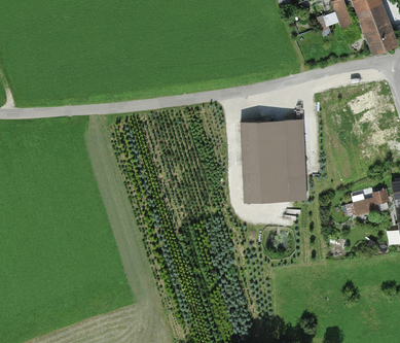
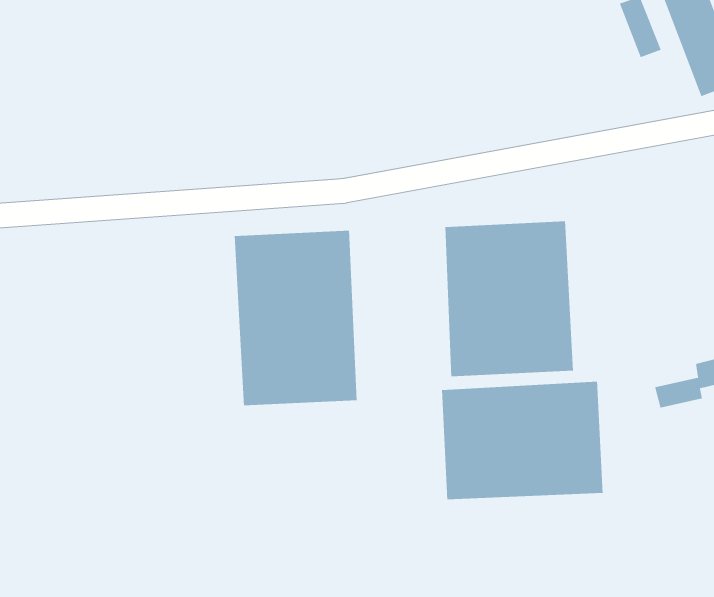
building: none -> [234,230,357,406]
building: none -> [441,381,603,500]

